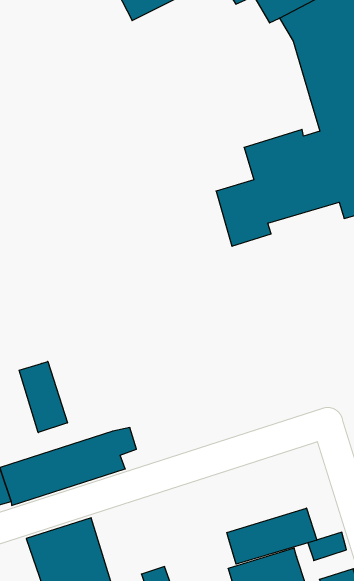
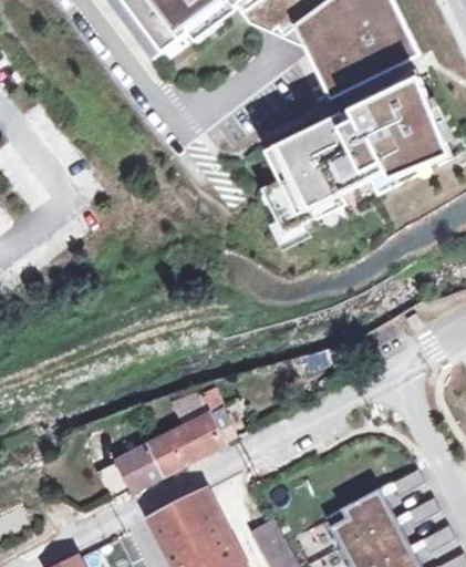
building: [19,361,67,433] -> none
building: [227,508,317,564] -> none

